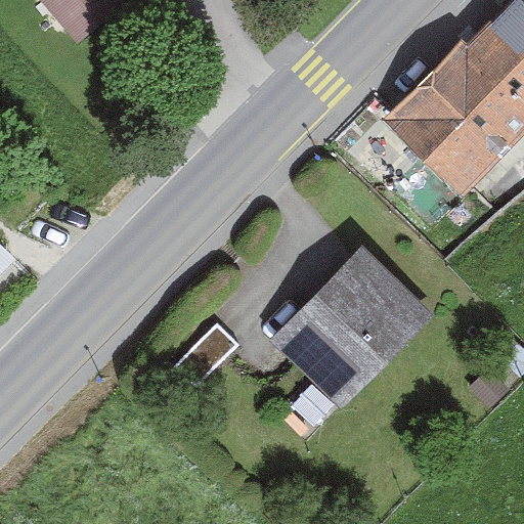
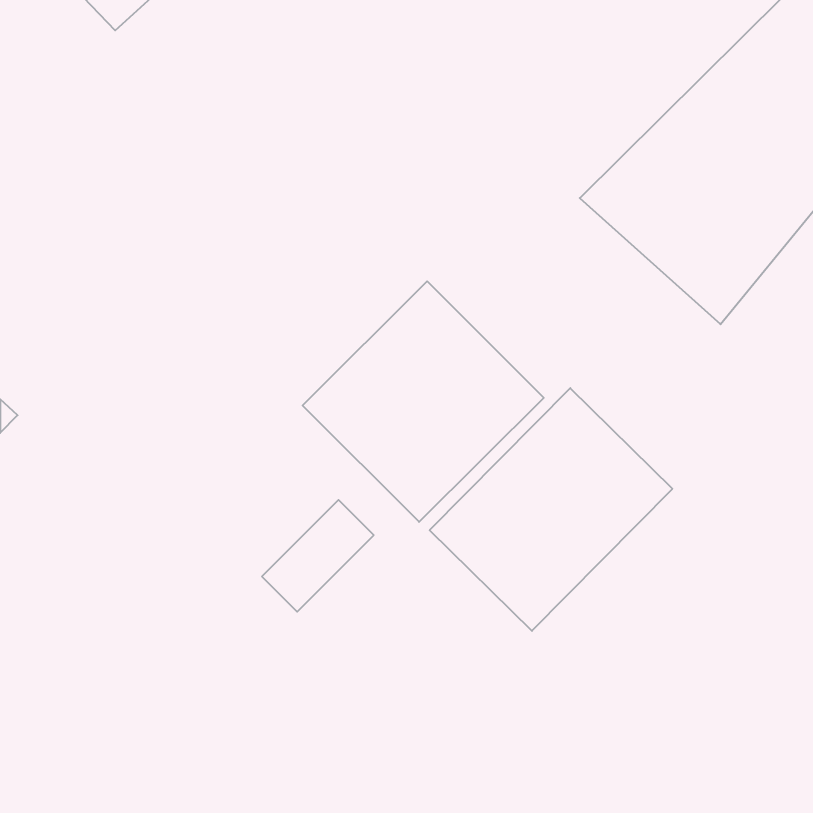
building: none -> [303,281,544,522]

